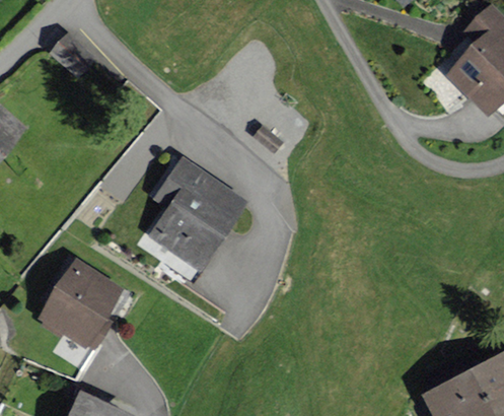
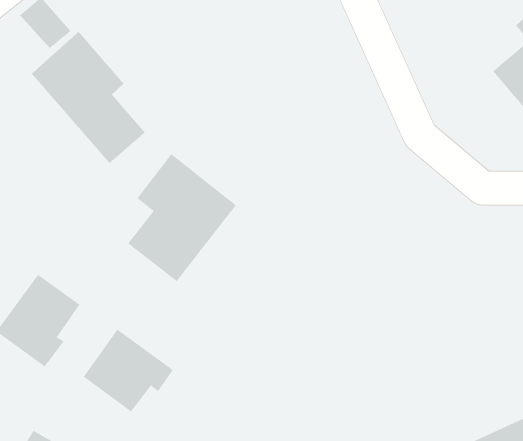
building: none -> [31,31,146,164]
building: none -> [83,329,174,412]

